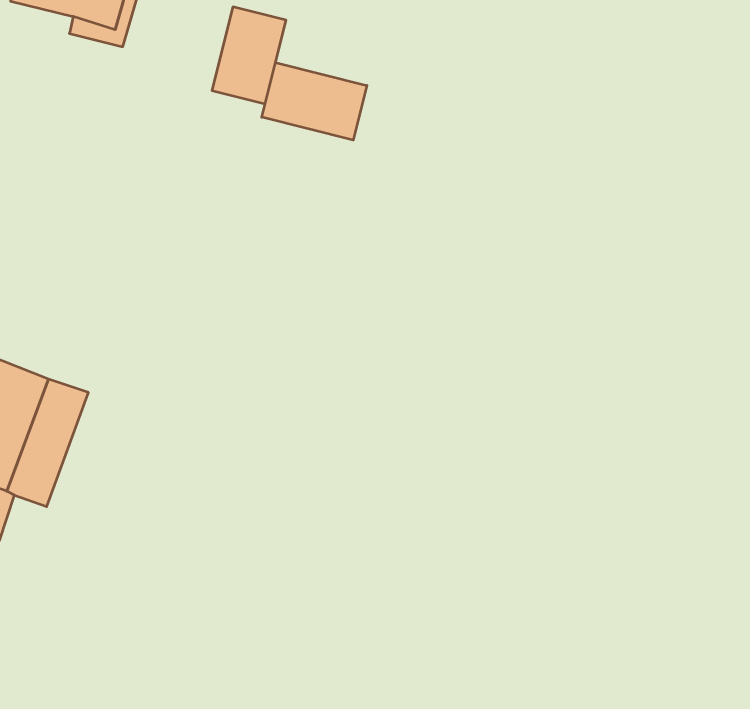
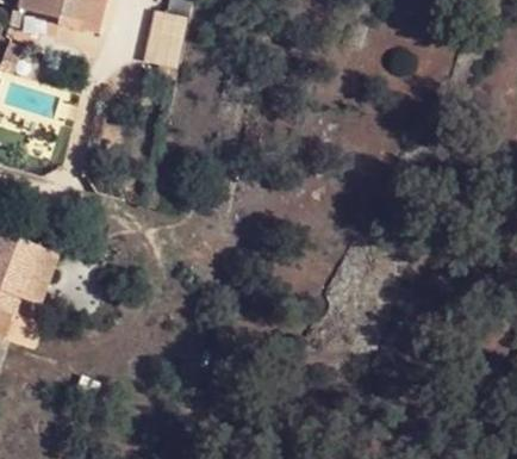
building: [262,63,367,140] -> none

